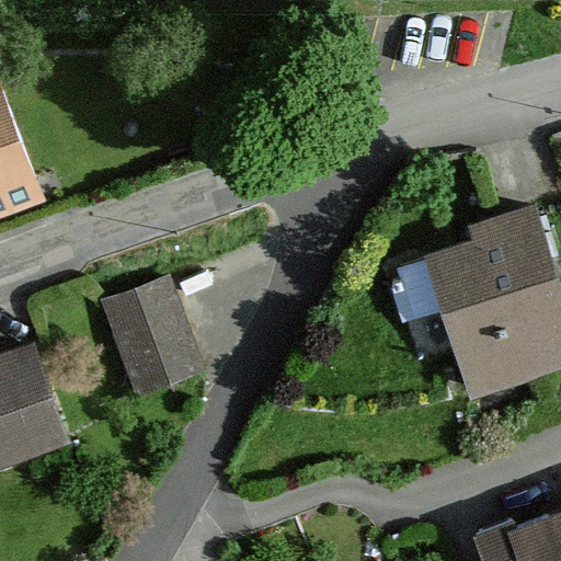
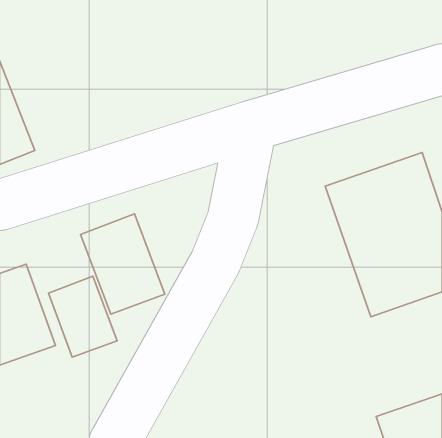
building: none -> [48,276,117,357]

